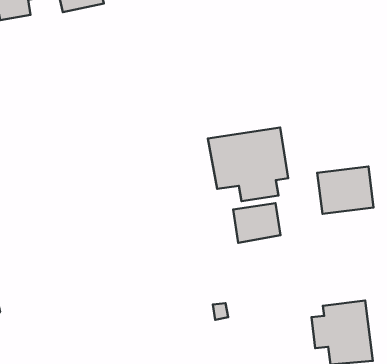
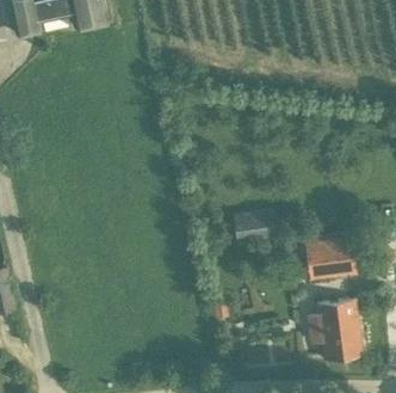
building: [208,128,288,201] -> none
building: [317,166,374,214] -> [304,235,357,280]

